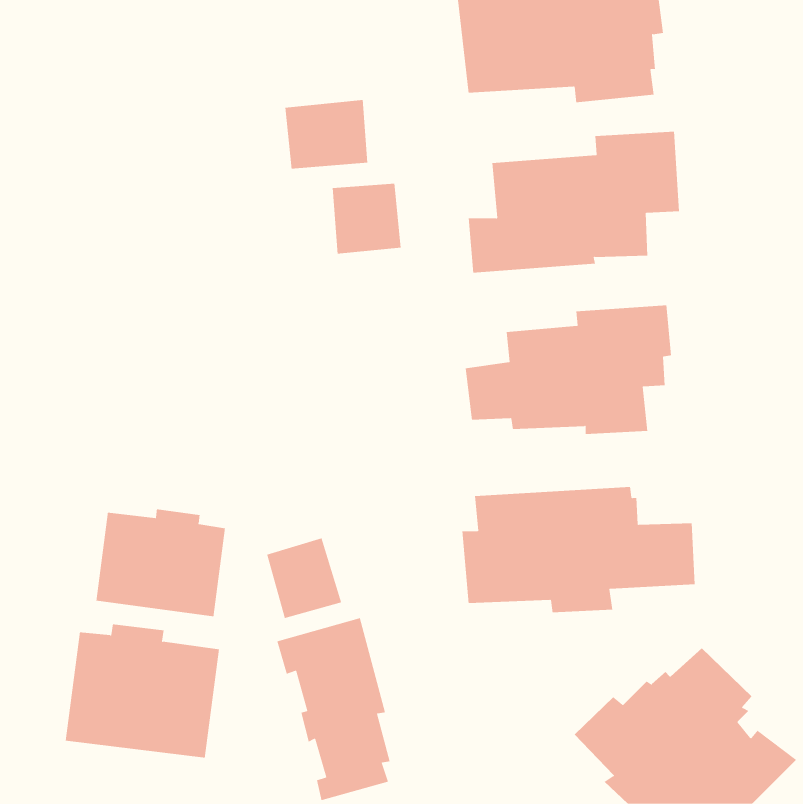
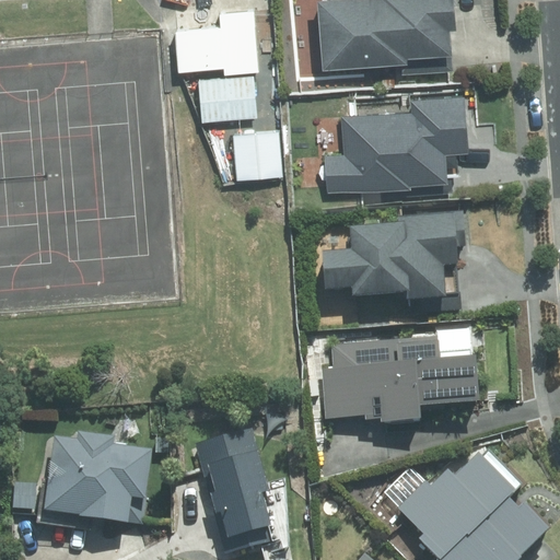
building: none -> [173,5,257,69]
building: [96,508,225,617] -> none
building: [266,537,342,619] -> none

